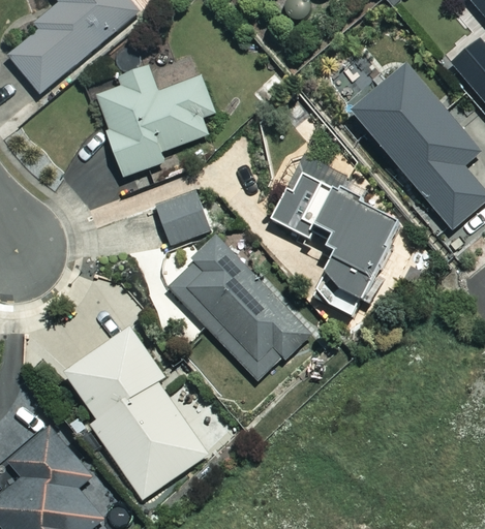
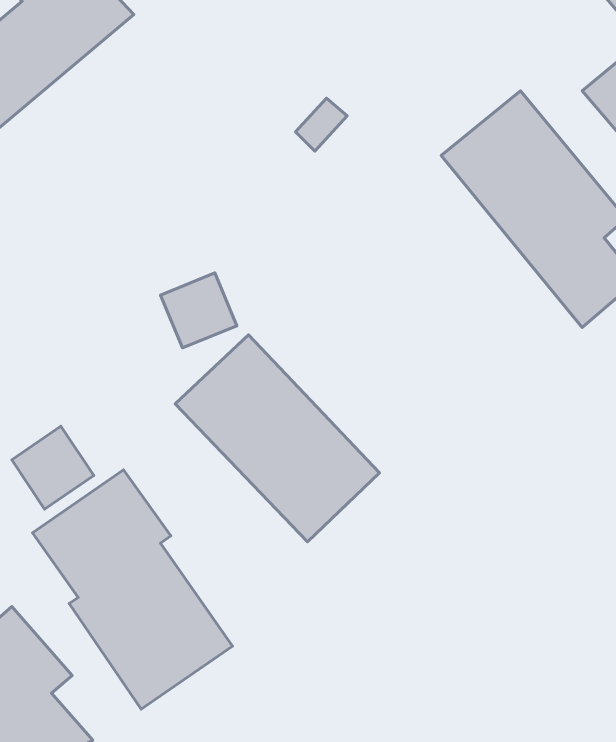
building: [86,67,214,177] -> none
building: [271,172,398,297] -> none
building: none -> [12,426,94,509]

